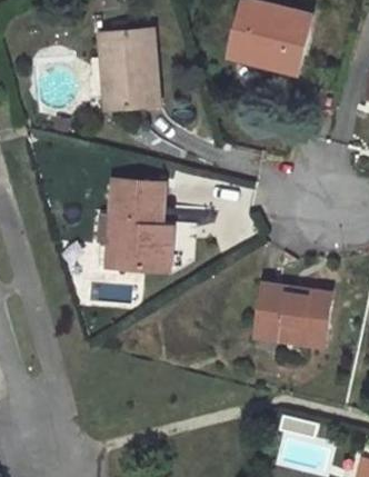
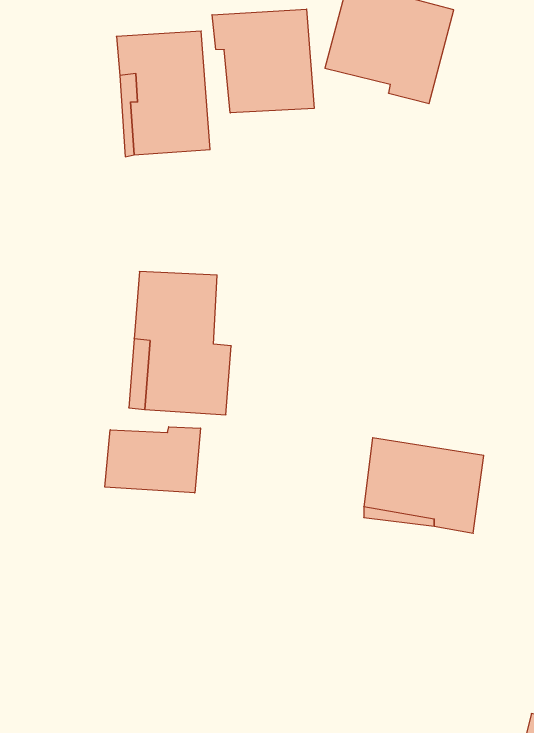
building: none -> [212,9,314,113]
building: none -> [105,427,200,493]

